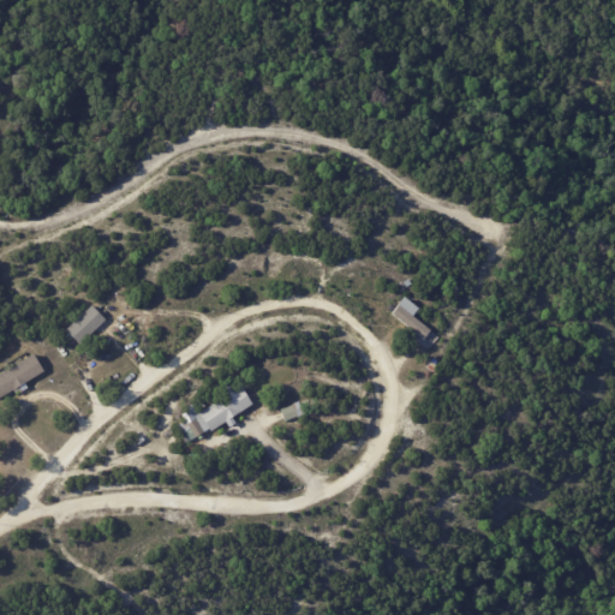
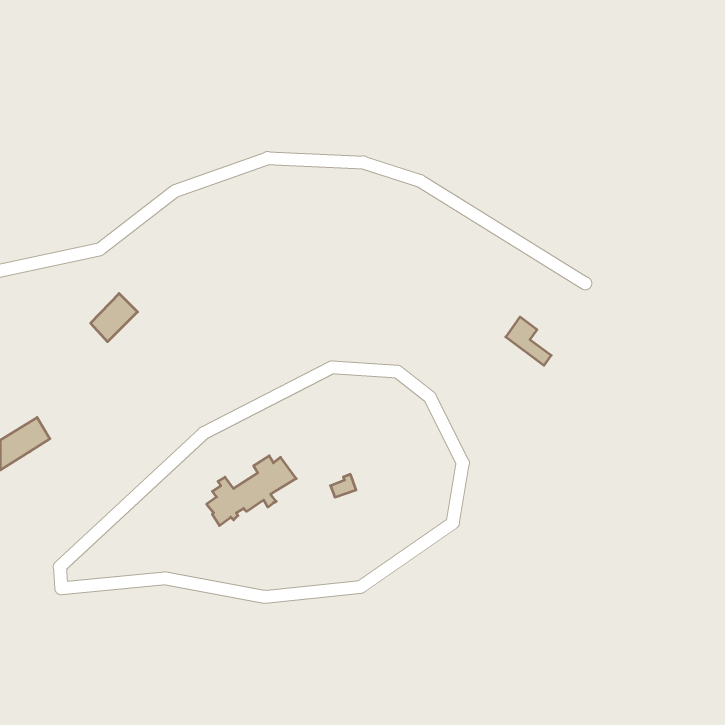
building: [392,297,430,338] -> [506,317,551,365]
building: [67,303,107,344] -> [91,293,138,342]

